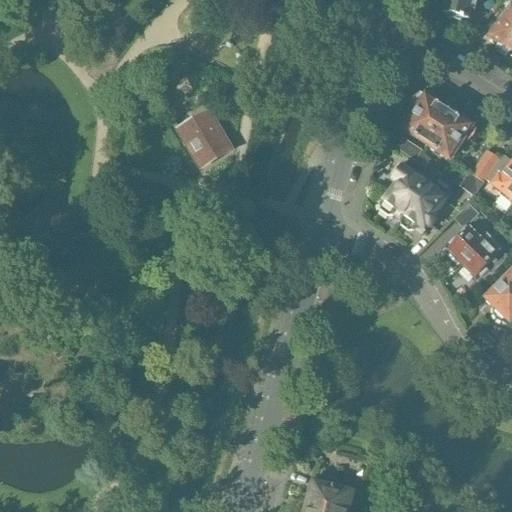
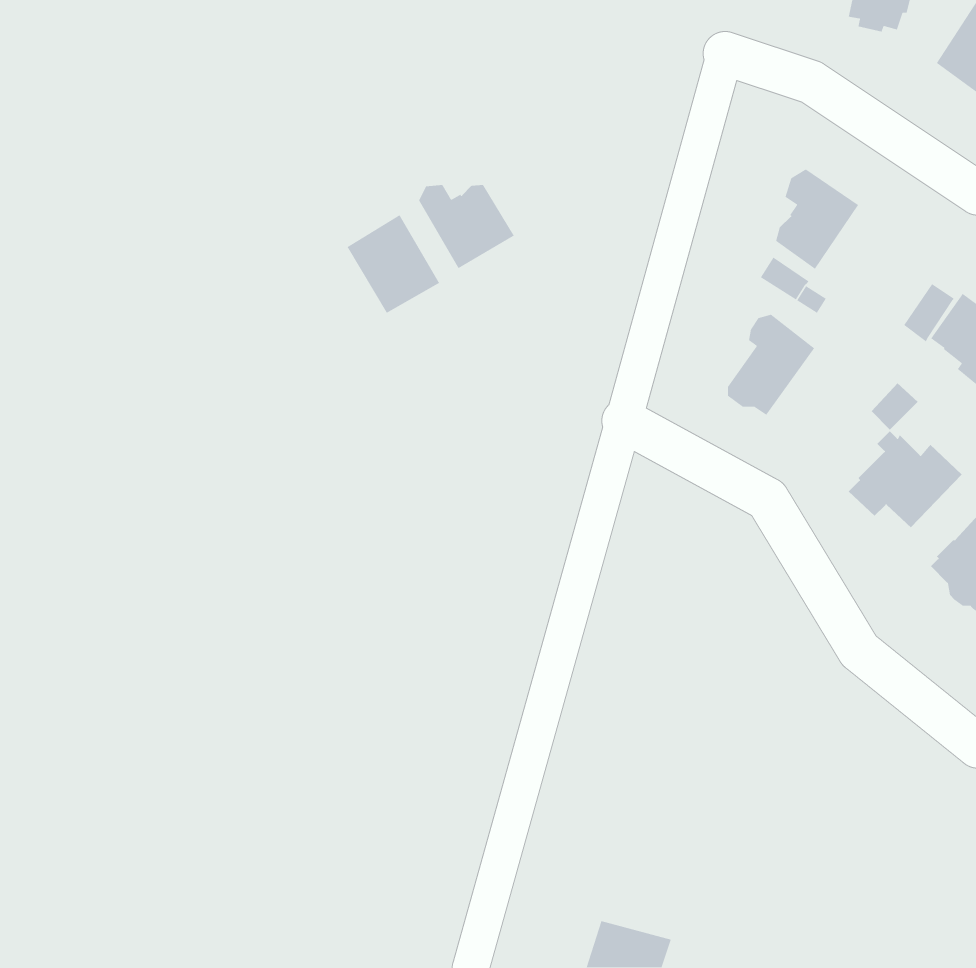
building: none -> [418,184,515,269]
building: [427,107,476,156] -> none
building: [401,182,448,233] -> none

